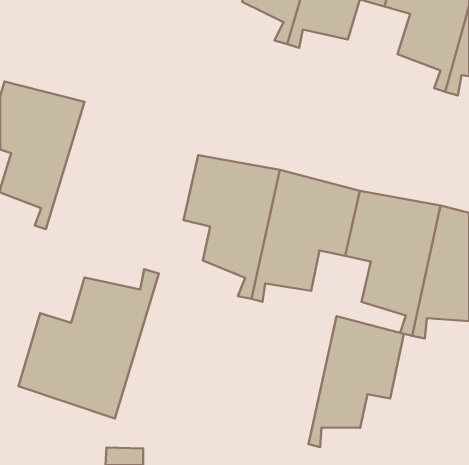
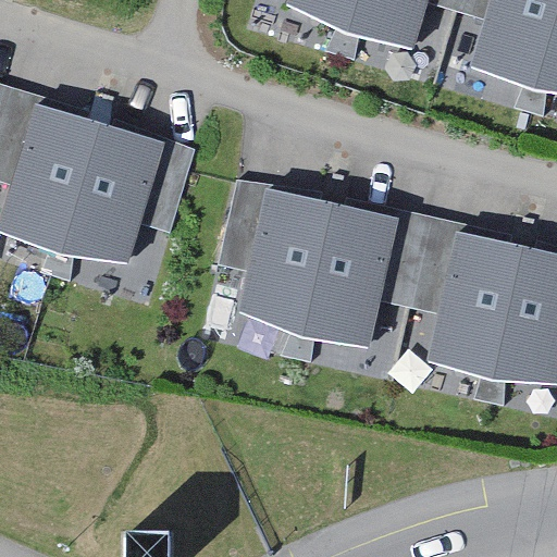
building: none -> [54,121,194,276]
building: [19,269,159,419] -> none
building: [309,316,404,447] -> none

